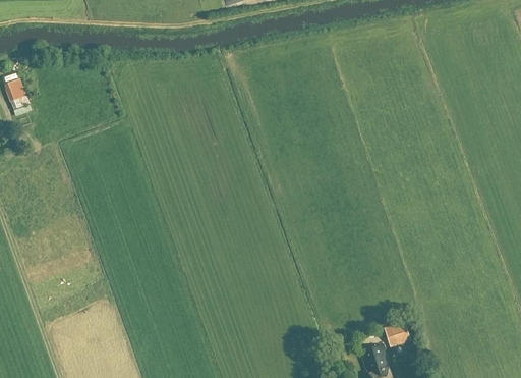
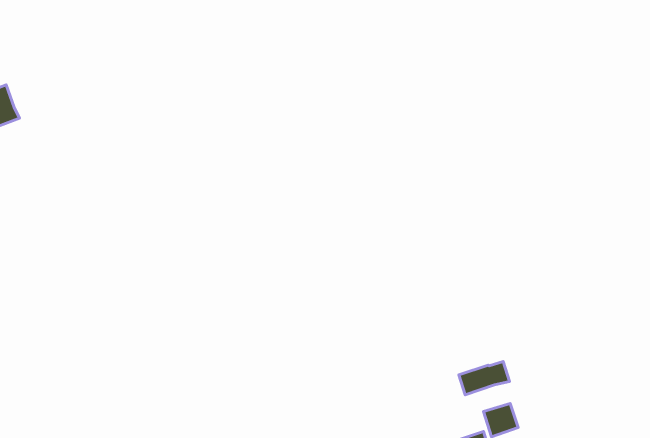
building: none -> [459,361,510,395]

